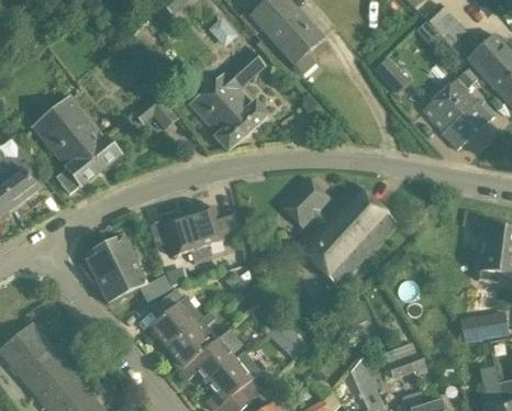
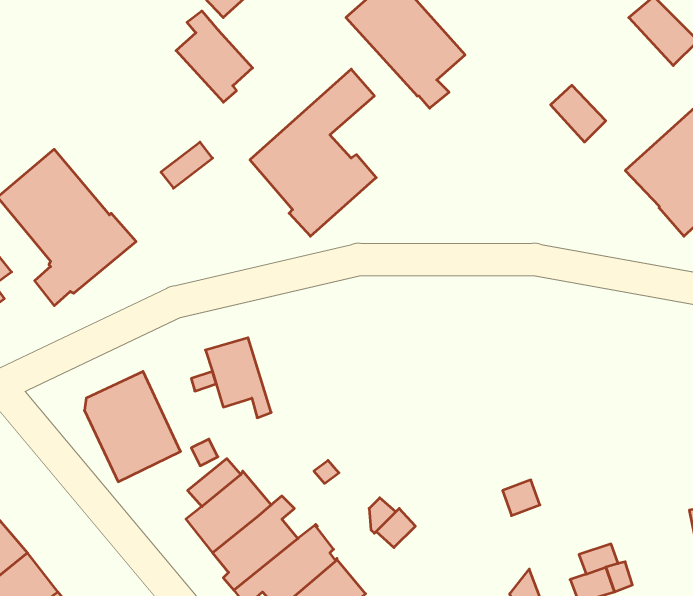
building: none -> [176,11,253,102]
building: [278,177,398,286] -> none
building: [189,206,241,259] -> none

